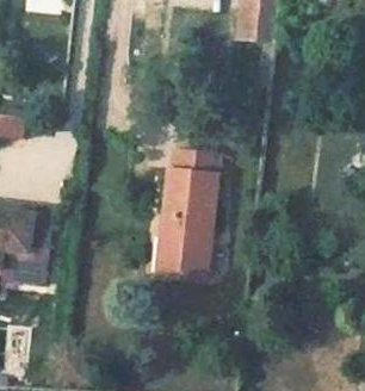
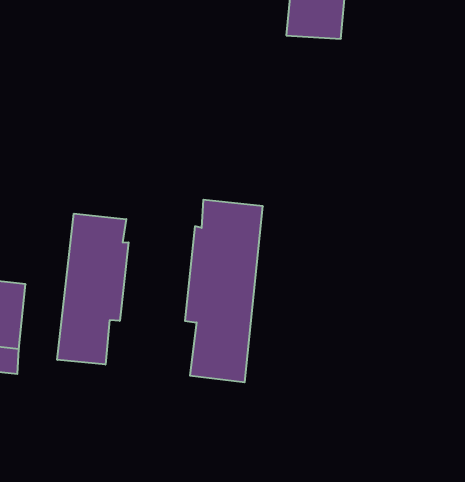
building: none -> [57,214,129,365]

